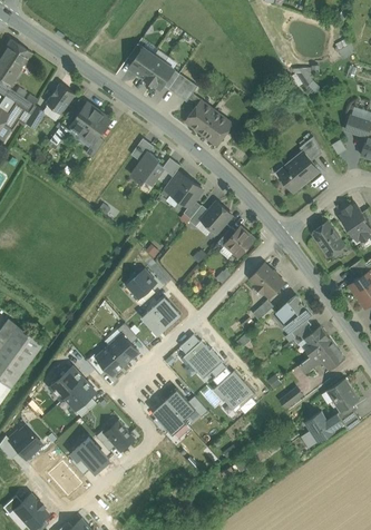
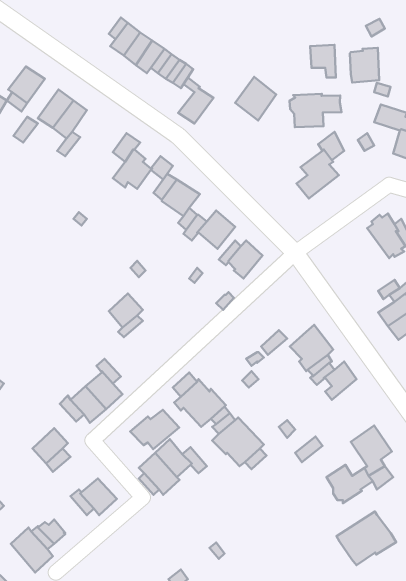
building: none -> [350,48,379,82]
building: none -> [290,94,341,127]
building: [197,109,231,145] -> [235,77,276,120]
building: [313,222,343,256] -> none
building: [250,264,283,297] -> none
building: [140,300,180,332] -> [130,410,179,449]
building: [297,340,344,373] -> none
building: [49,367,82,400] -> none
building: [71,438,108,472] -> none
building: none -> [336,512,396,565]

